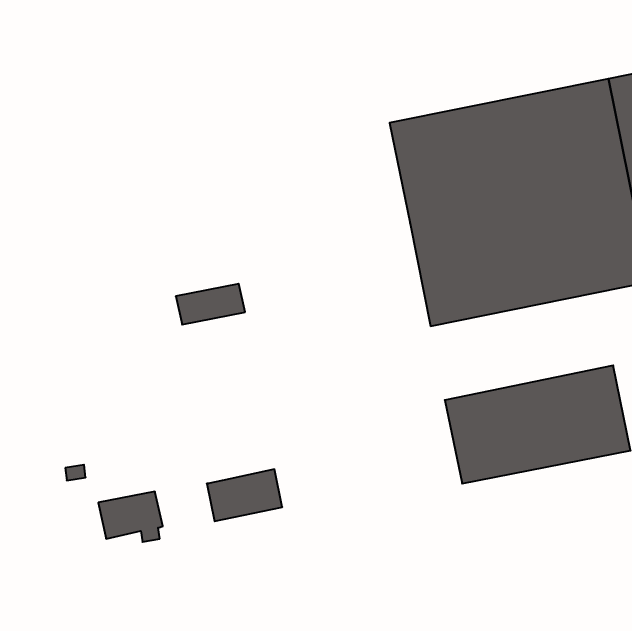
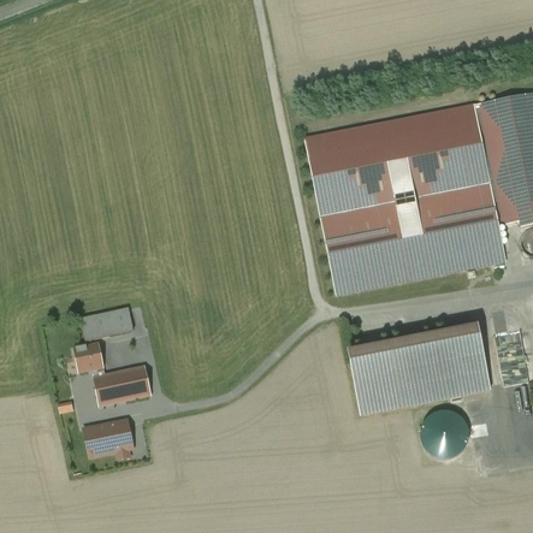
building: [176,284,245,325] -> [82,308,135,339]
building: none -> [75,343,105,372]
building: [207,469,282,521] -> [94,366,152,405]

